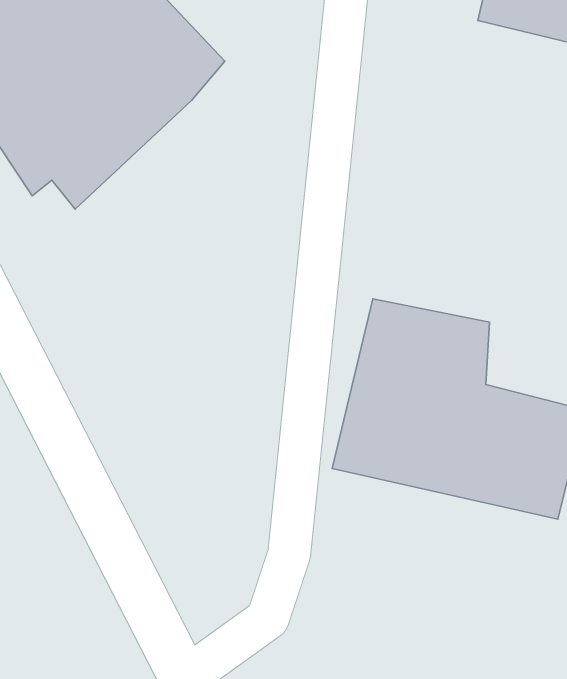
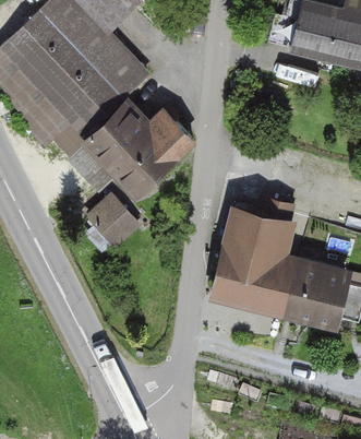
building: none -> [64,95,195,204]
building: none -> [86,191,139,246]

